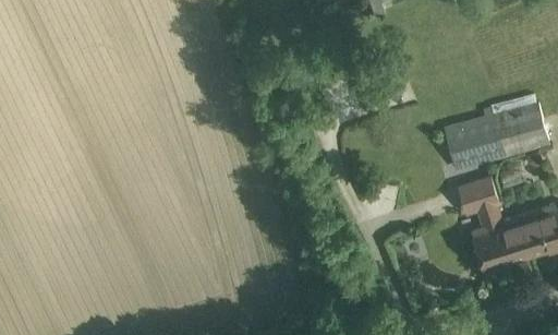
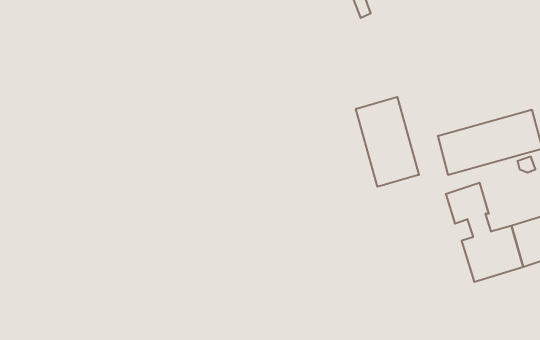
building: none -> [356,97,419,187]

